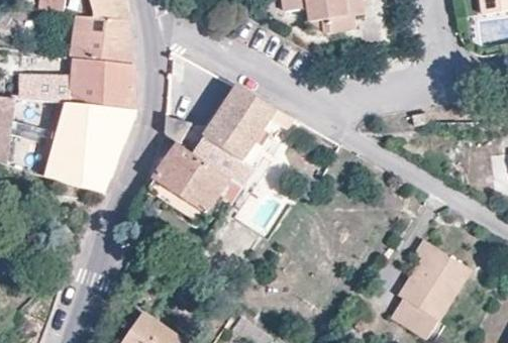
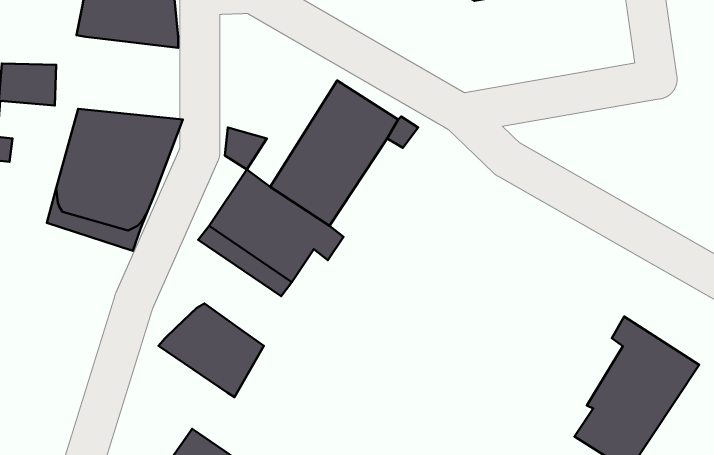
building: [69,56,136,110] -> none
building: none -> [158,303,264,397]

